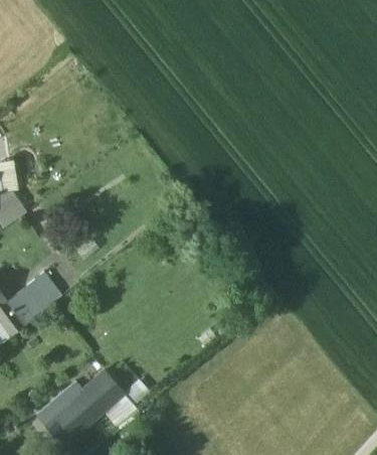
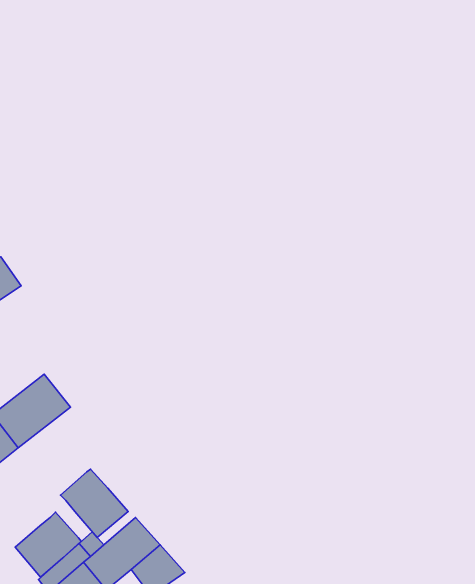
building: none -> [61,469,128,537]
building: none -> [15,512,81,577]

